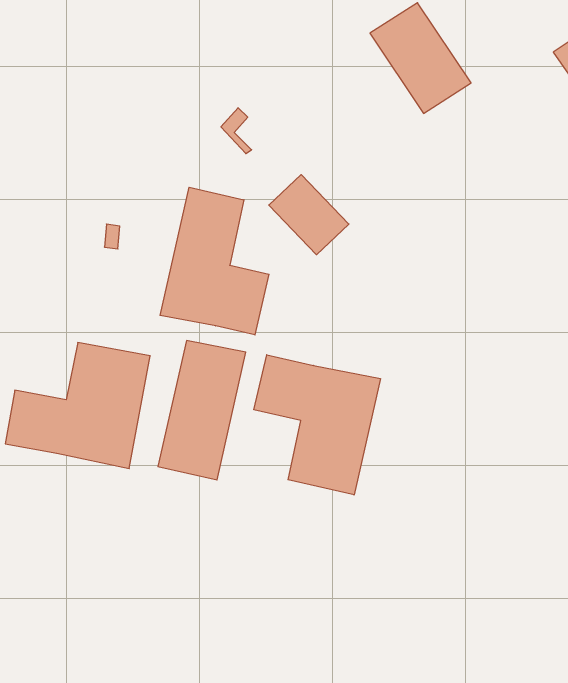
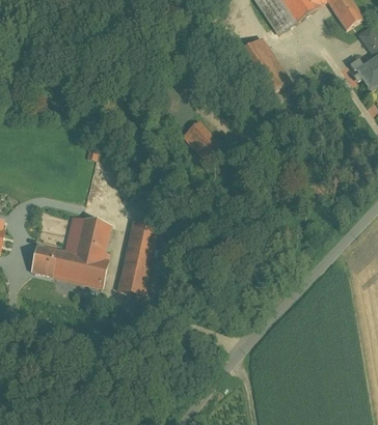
building: [160,187,269,335] -> none
building: [254,355,380,495] -> none

